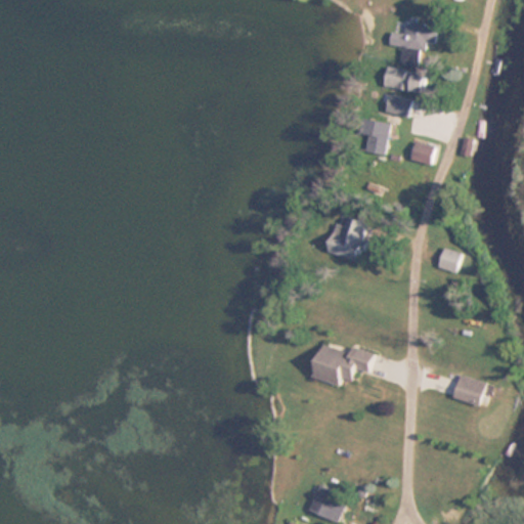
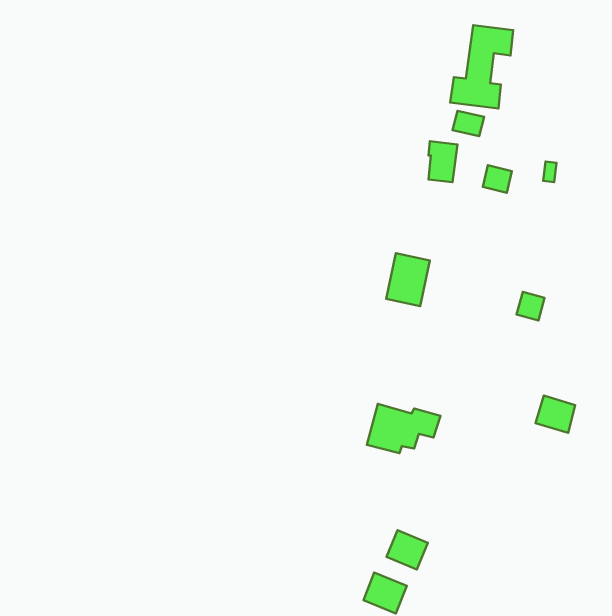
building: [451,375,485,406] -> [535,396,575,433]
building: none -> [387,530,428,570]

